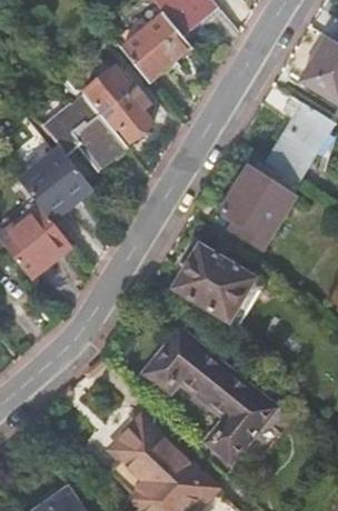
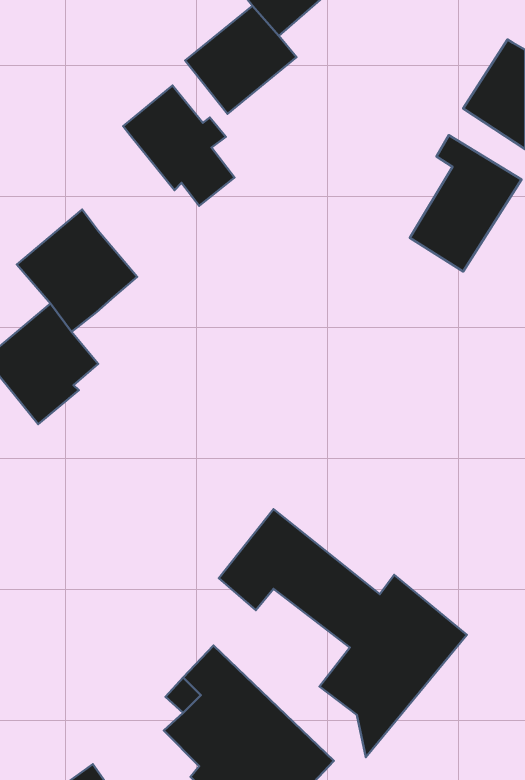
building: [43,96,128,169] -> none
building: [220,154,298,249] -> none
building: [172,246,255,322] -> none

